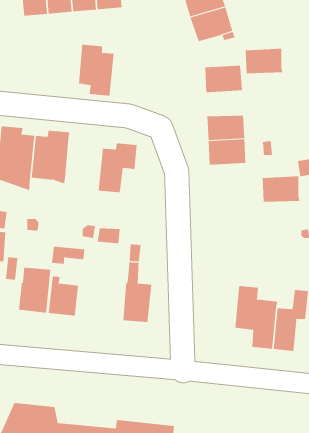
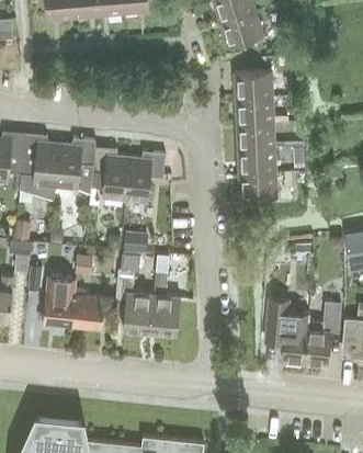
building: [78,44,114,96] -> [91,147,128,201]
building: [245,48,283,74] -> [235,98,274,124]
building: [262,176,300,202] -> [238,172,277,200]
building: none -> [115,270,152,335]

